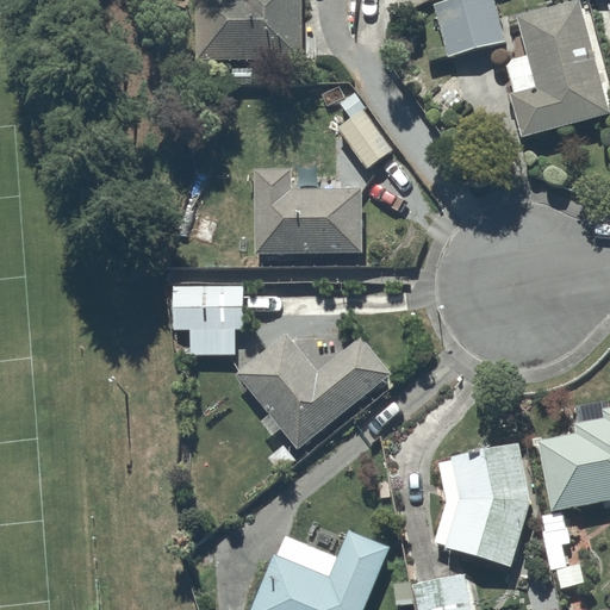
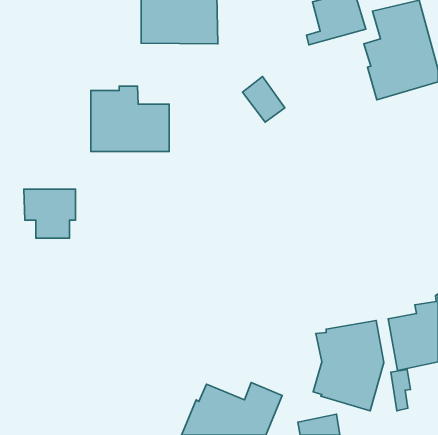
building: [255,163,363,254] -> [91,86,169,152]
building: [173,286,244,354] -> [24,189,76,238]
building: [235,331,392,449] -> none

